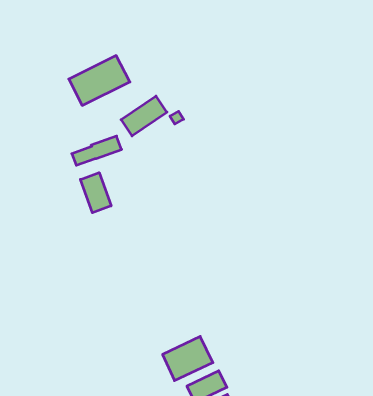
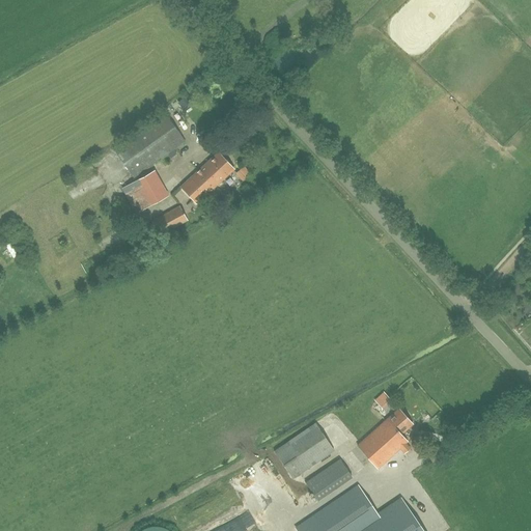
building: none -> [121,170,168,215]
building: [80,173,111,213] -> none
building: none -> [358,410,413,469]

